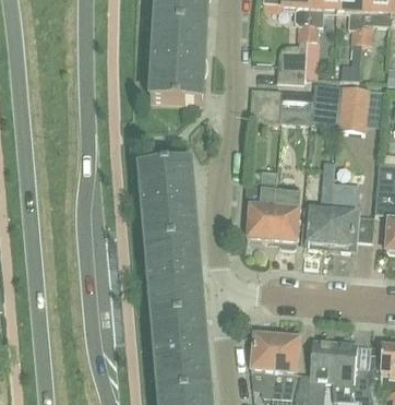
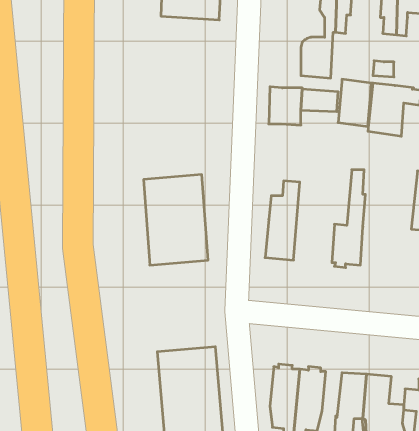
building: [151,25,206,104] -> none
building: [272,171,301,242] -> none
building: [331,182,375,250] -> none
building: [145,240,203,321] -> none

